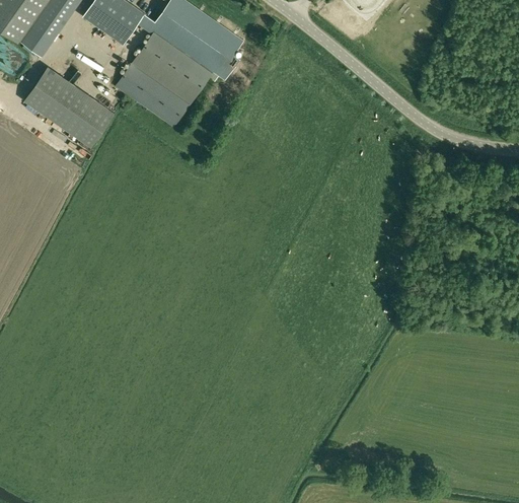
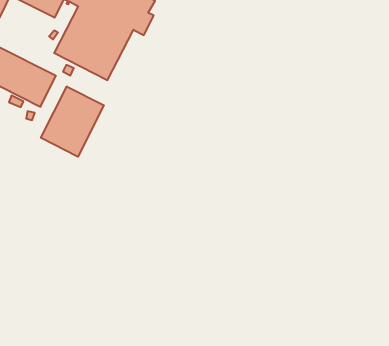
building: none -> [41,86,104,157]

